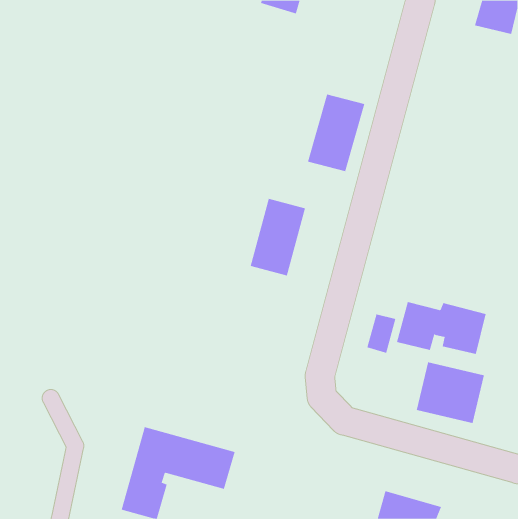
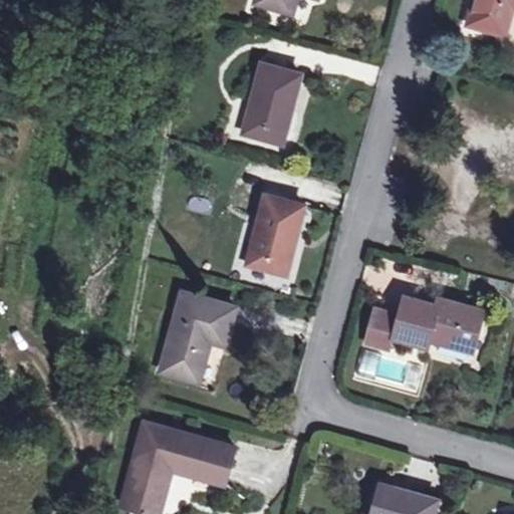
building: [307,94,365,172] -> [243,65,300,143]
building: none -> [161,292,235,381]
building: [416,361,484,424] -> none

